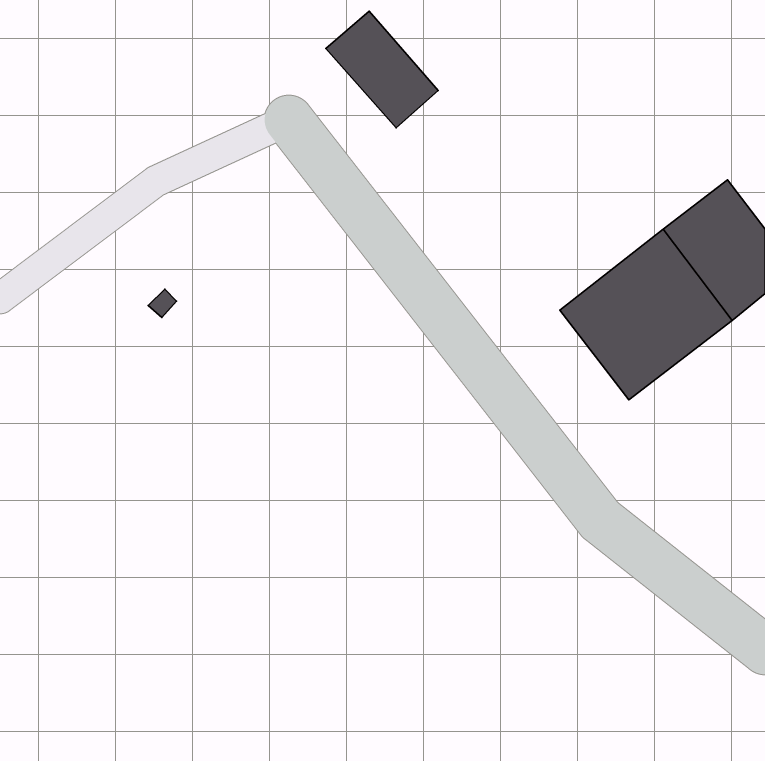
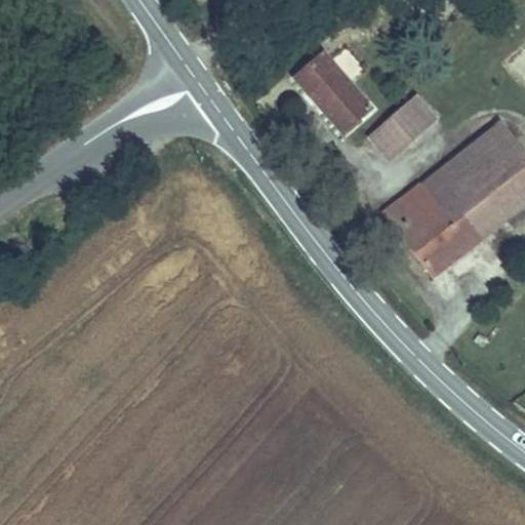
building: [326,11,438,128] -> [296,51,373,131]
building: none -> [368,95,437,162]

